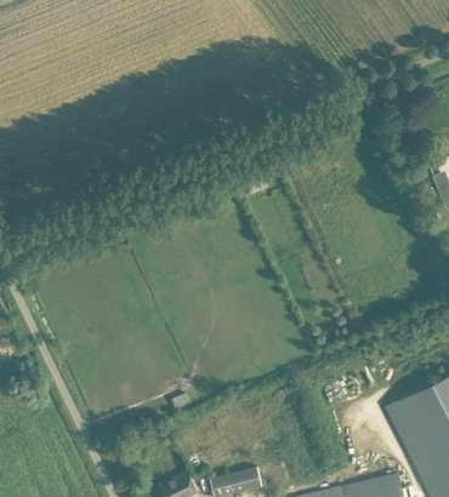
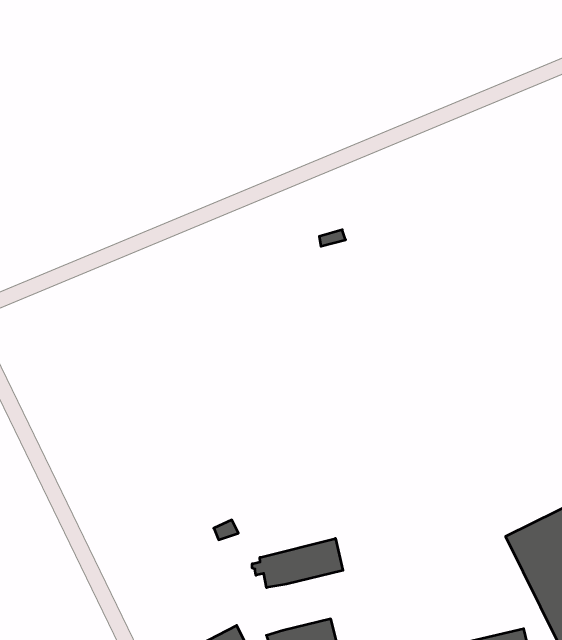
building: none -> [252,538,343,588]

